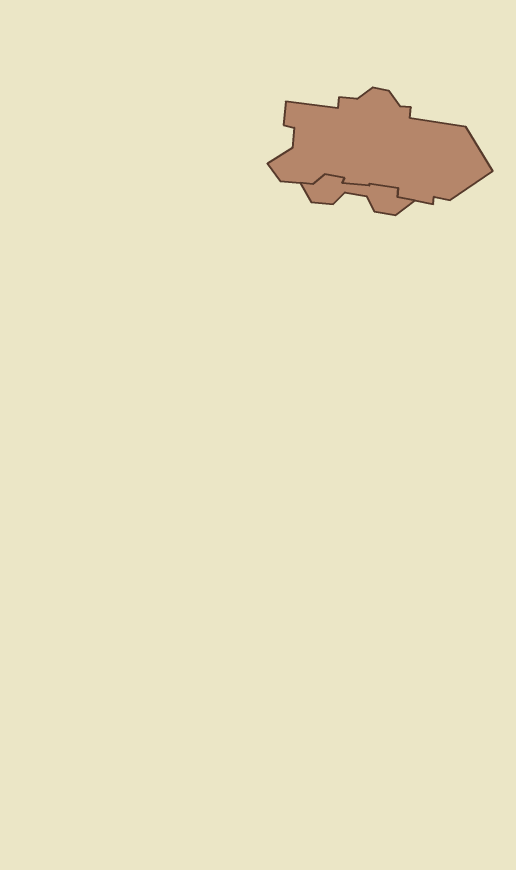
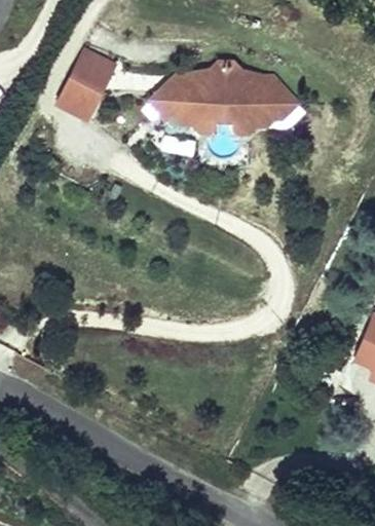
building: none -> [59,46,114,113]
building: none -> [150,72,187,115]

